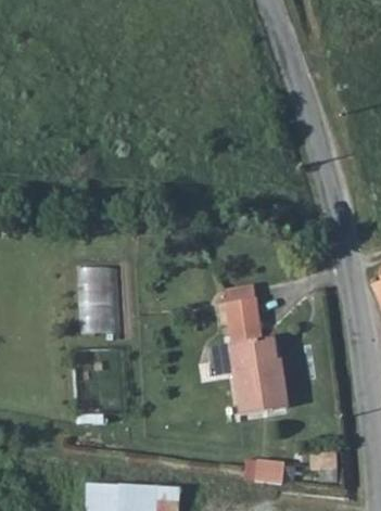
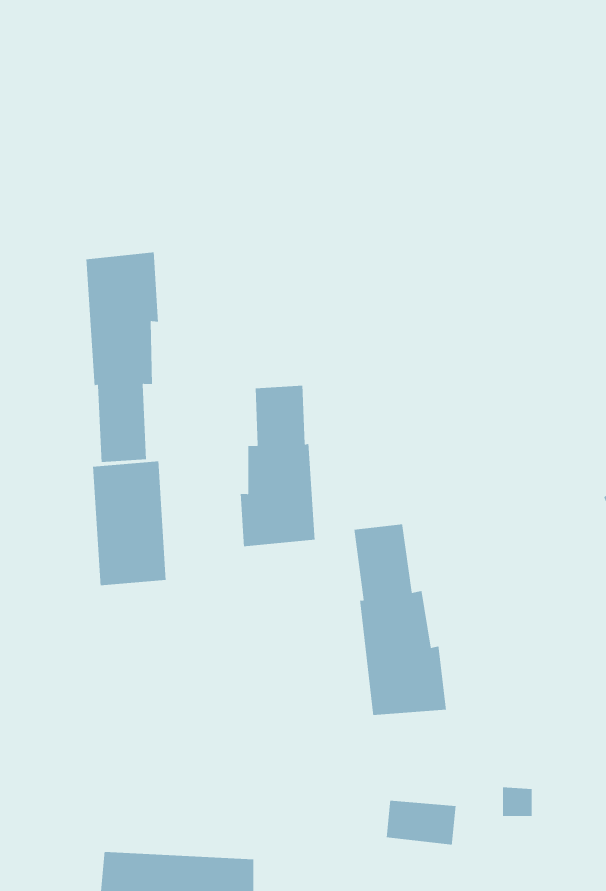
building: none -> [86,251,159,463]
building: none -> [240,385,315,547]

